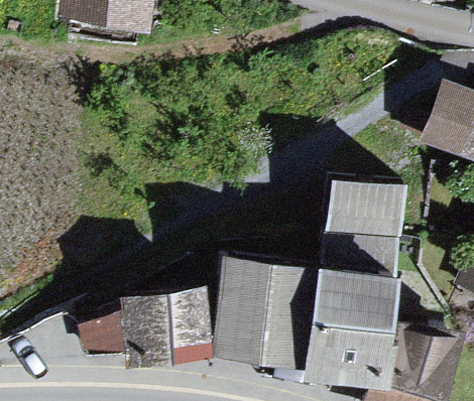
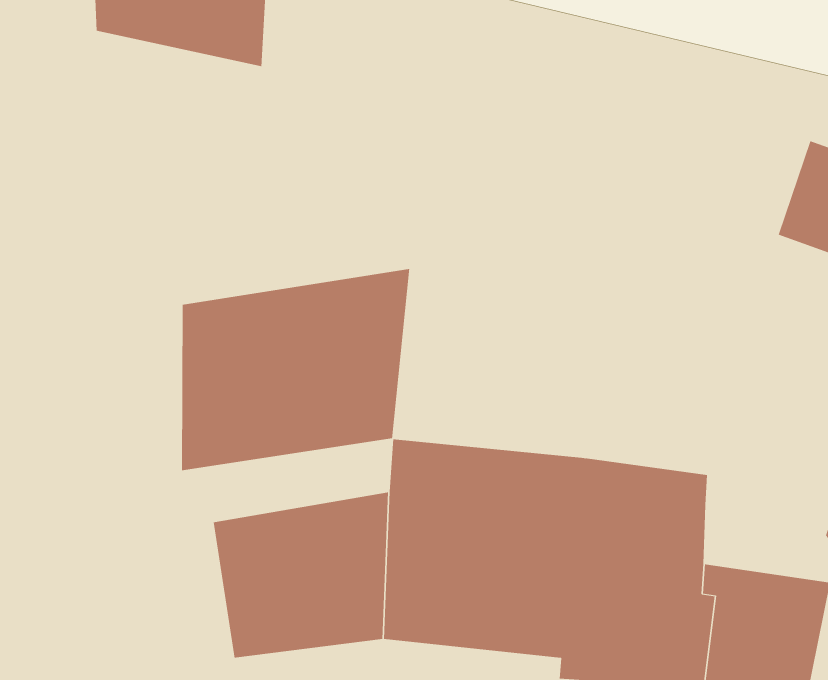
building: none -> [182,268,410,471]
building: [326,174,403,287] -> none

